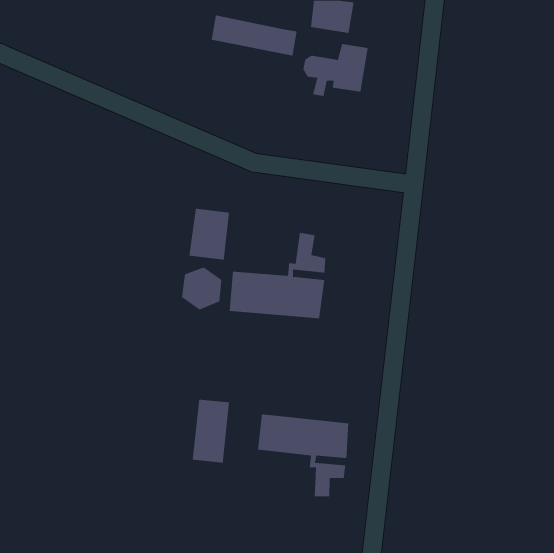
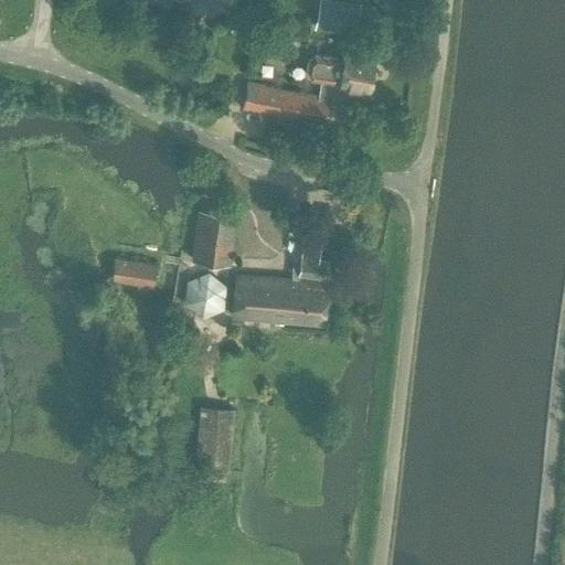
building: [211,15,298,56] -> [243,84,331,126]
building: none -> [111,258,154,287]
building: [258,414,349,497] -> none

